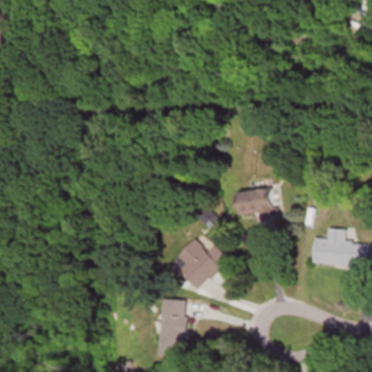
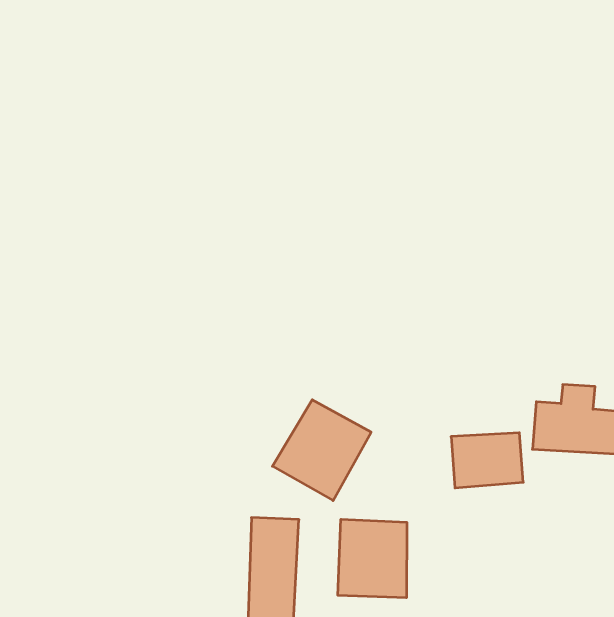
building: [235,189,273,219] -> [451,433,523,488]
building: none -> [338,519,407,598]

